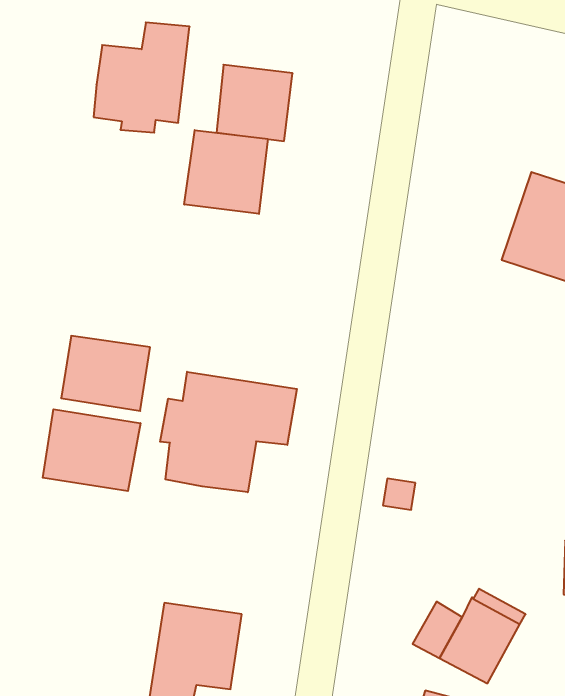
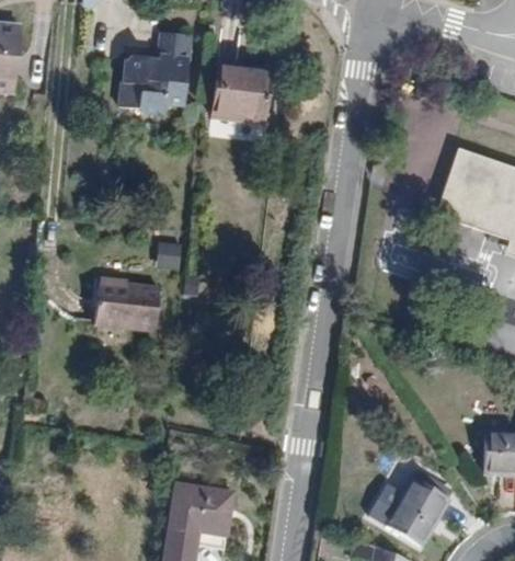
building: [184,130,268,214] -> none
building: [160,372,297,492] -> none
building: [43,409,140,491] -> none

